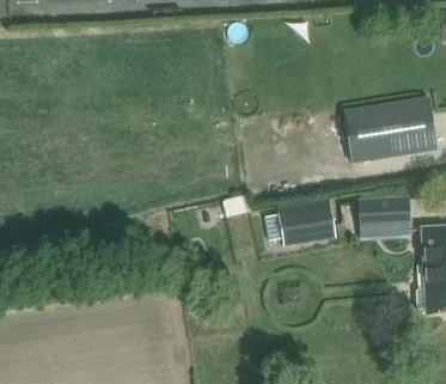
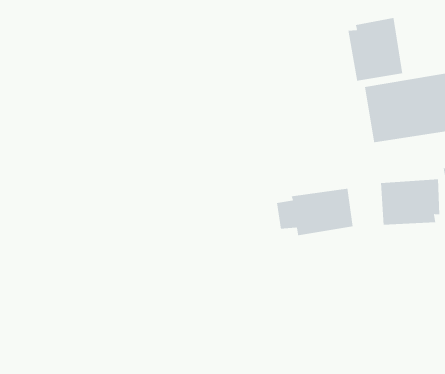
building: none -> [348,17,403,81]

